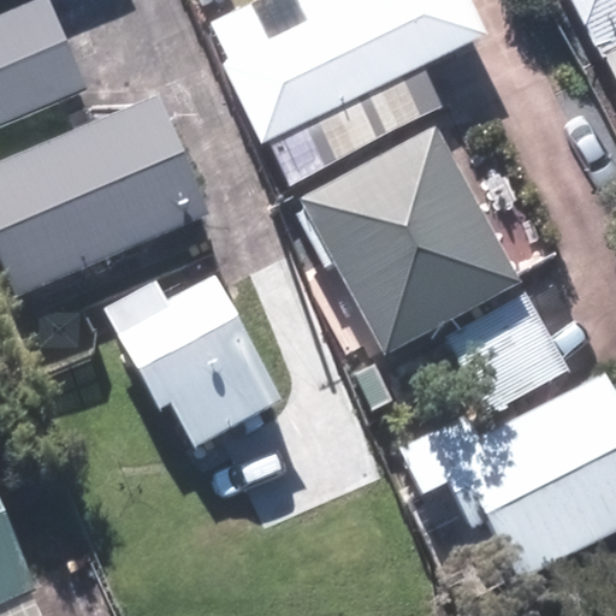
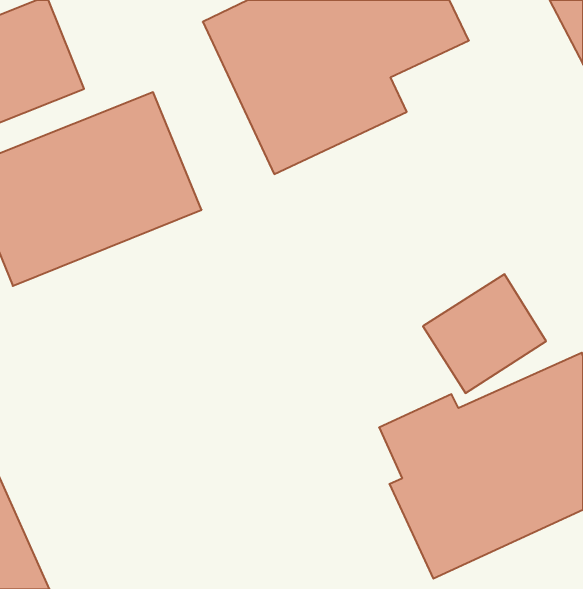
building: [307,130,513,349] -> none
building: [108,267,315,449] -> none

